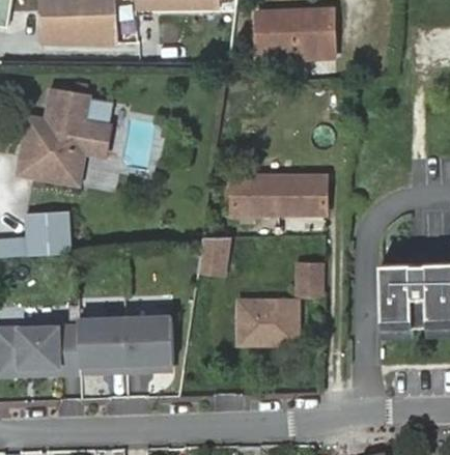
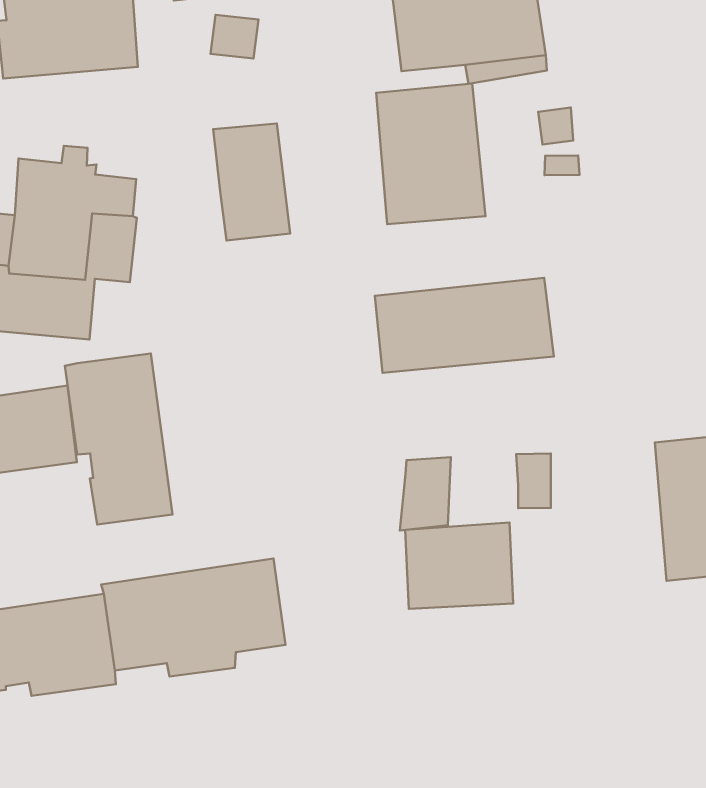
building: none -> [376,84,486,224]
building: none -> [213,124,290,241]
building: none -> [65,353,172,525]
building: [198,236,228,274] -> [400,457,451,530]

